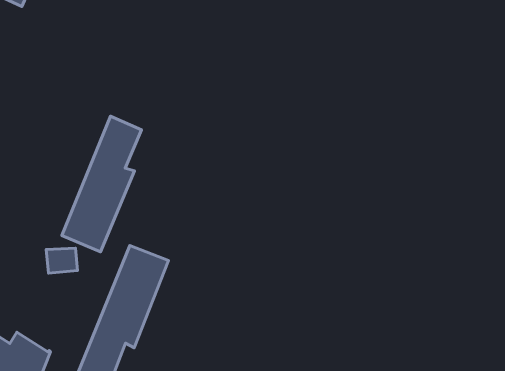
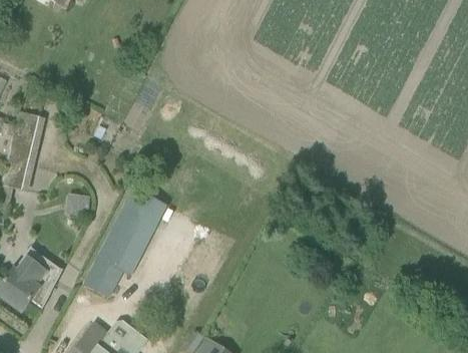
building: [62,116,142,252] -> none

